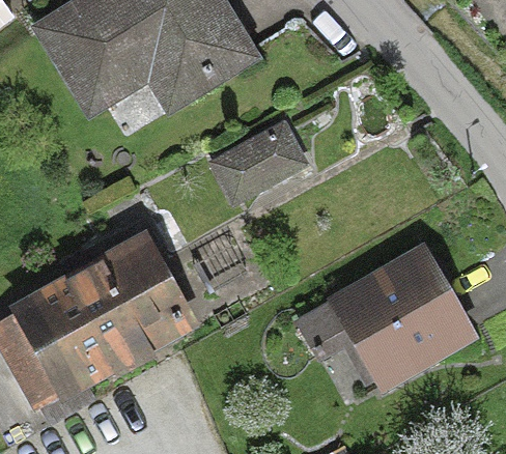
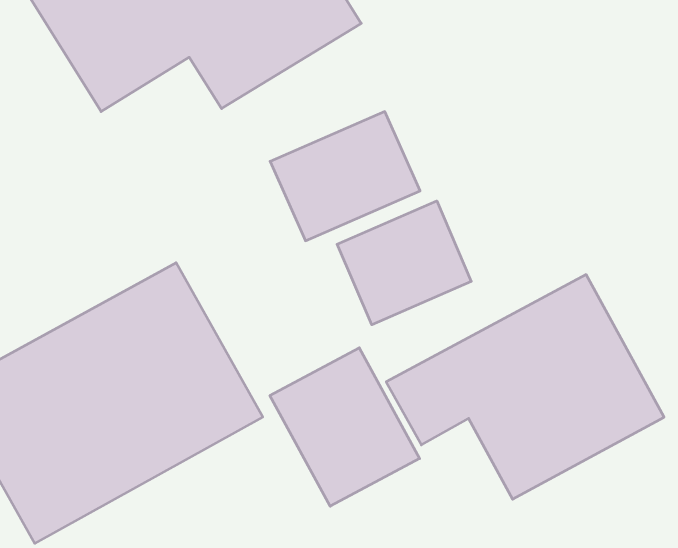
building: none -> [337,201,471,325]
building: none -> [270,348,420,506]

